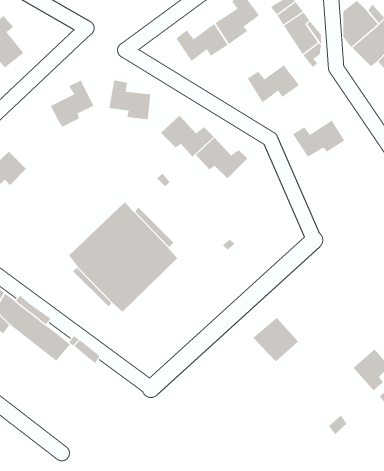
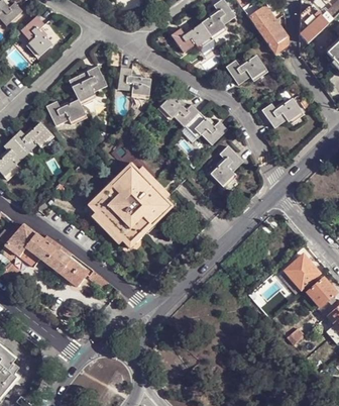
building: none -> [44,99,87,126]
building: none -> [212,145,243,187]
building: [252,317,299,362] -> [285,252,321,288]

